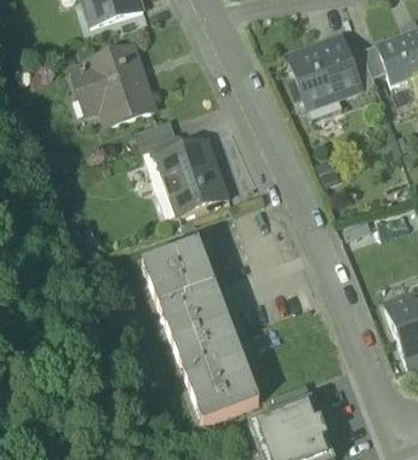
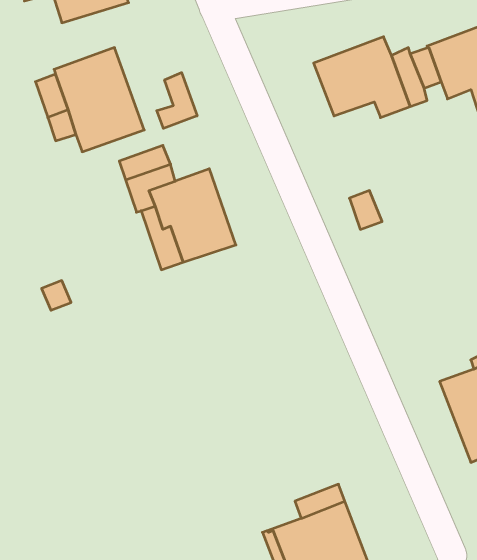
building: none -> [157,73,197,128]
building: [303,85,342,117] -> none
building: [143,241,259,422] -> none

